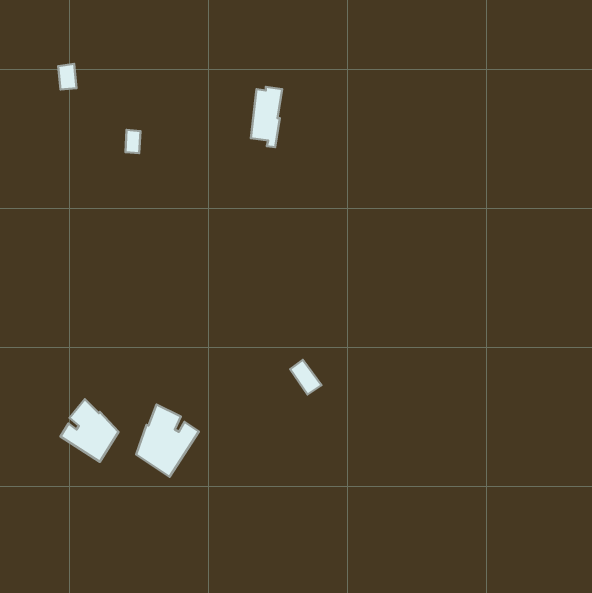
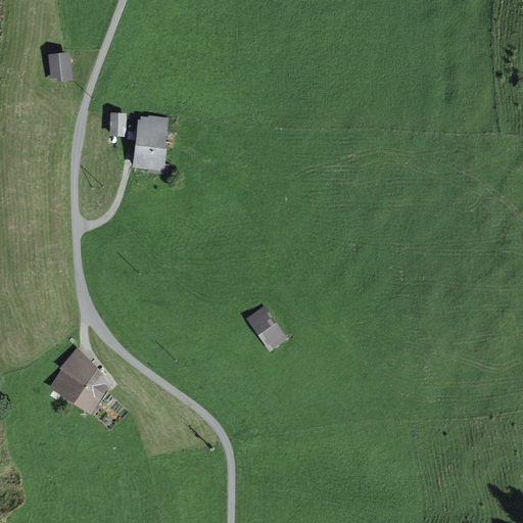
building: [251,87,282,147] -> [137,117,164,171]
building: [136,404,199,477] -> none

